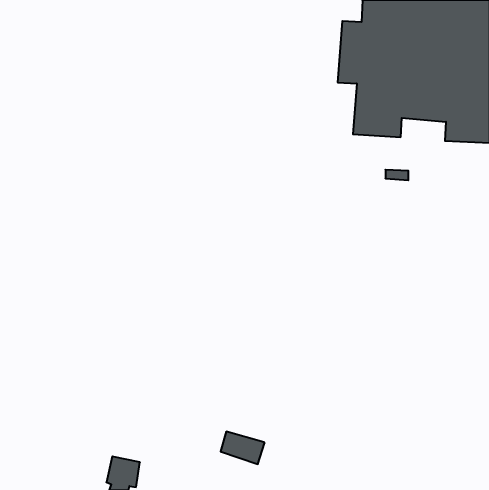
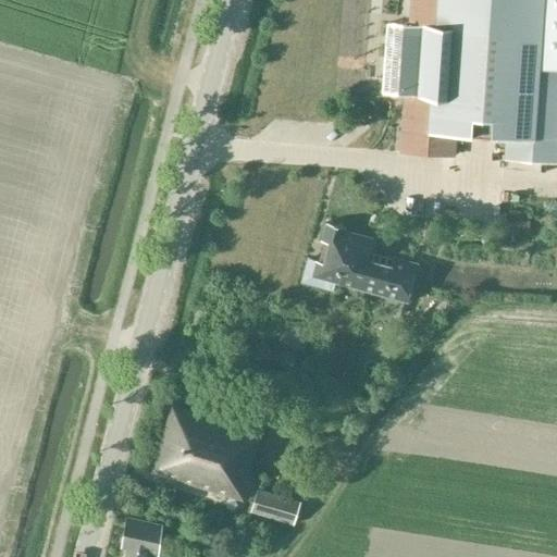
building: none -> [302,222,417,301]
building: none -> [154,405,260,497]

